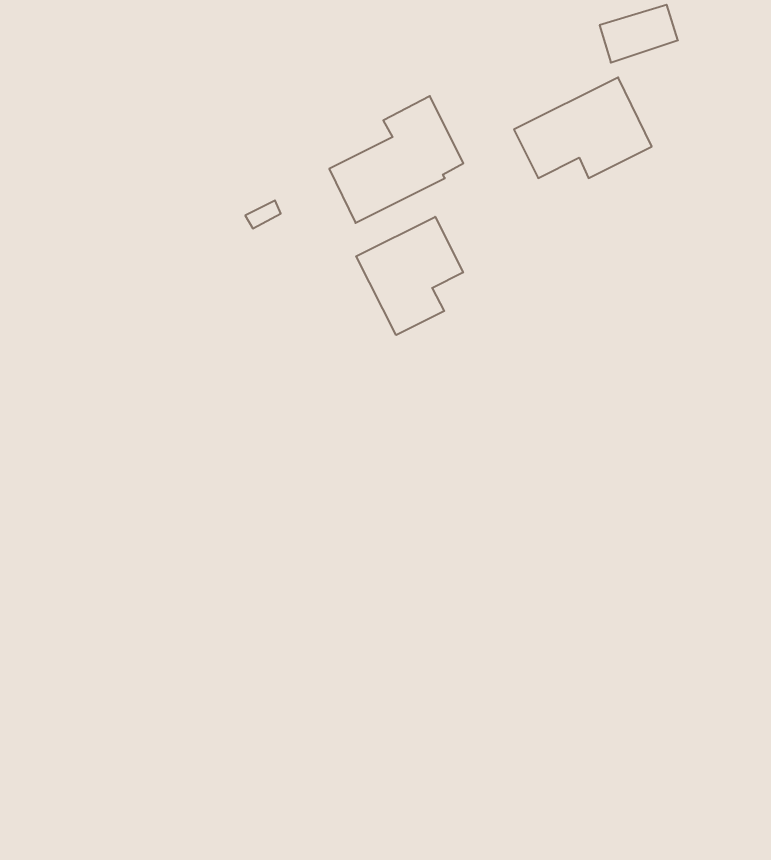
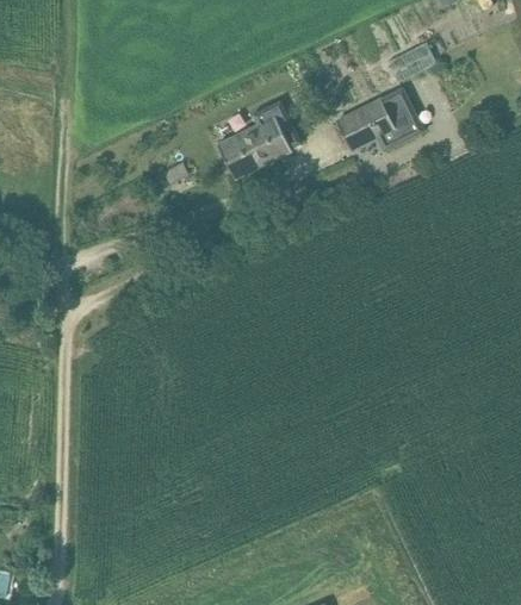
building: [356,217,463,335] -> none

